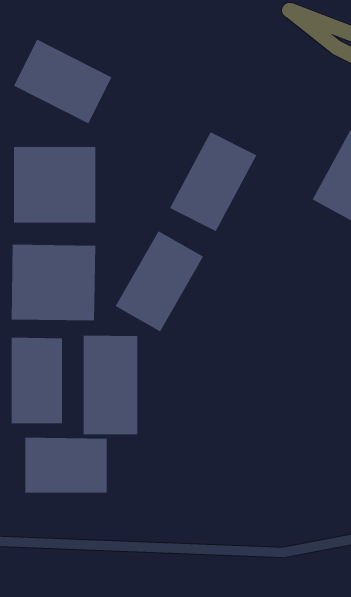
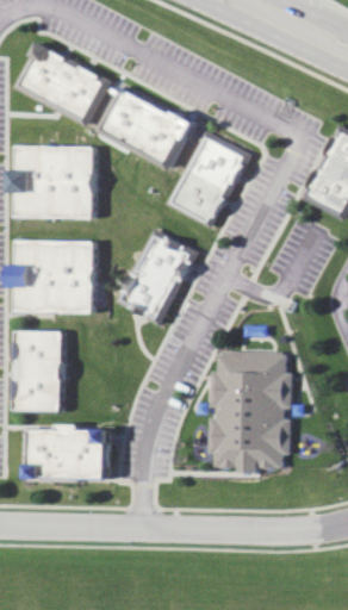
building: none -> [97,85,194,169]
building: [83,335,138,435] -> none
building: none -> [213,348,291,472]

